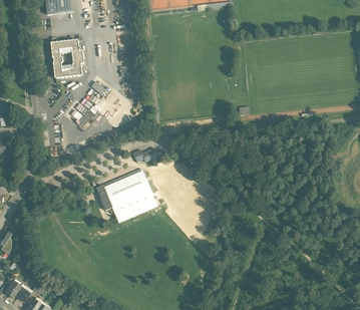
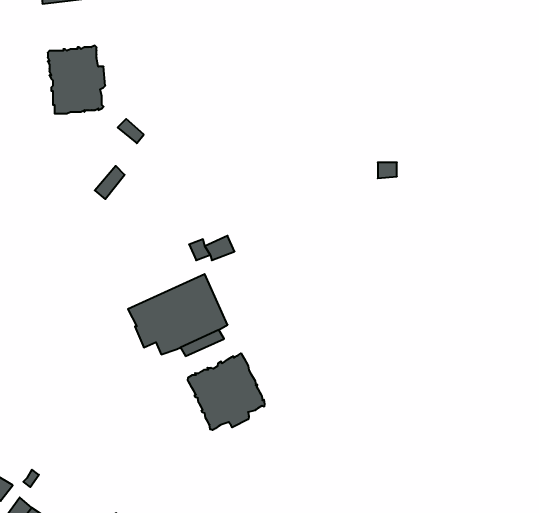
building: none -> [188,353,265,430]

